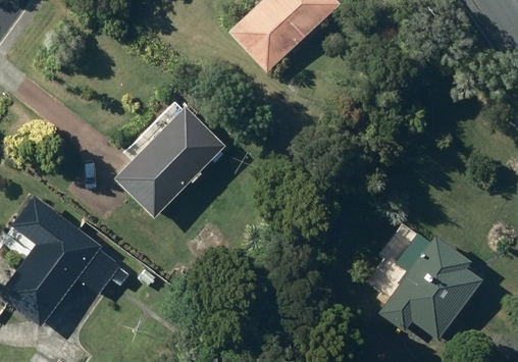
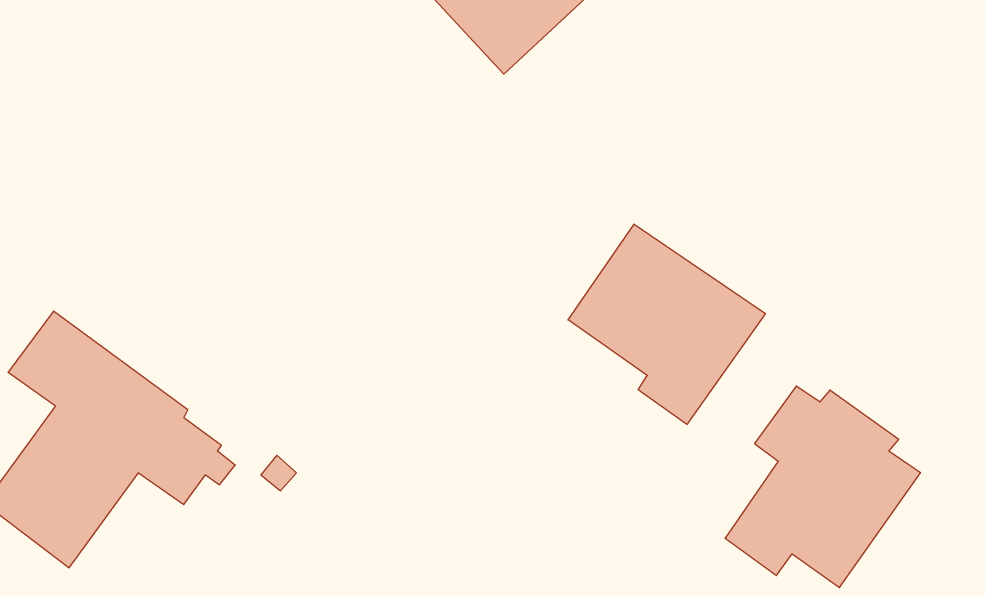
building: [113,108,224,218] -> none
building: none -> [568,224,765,424]

